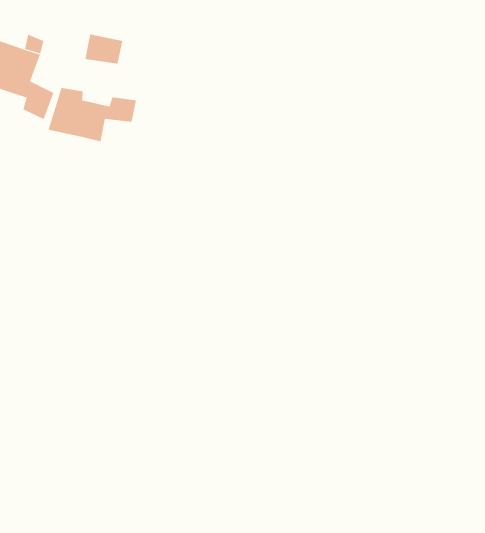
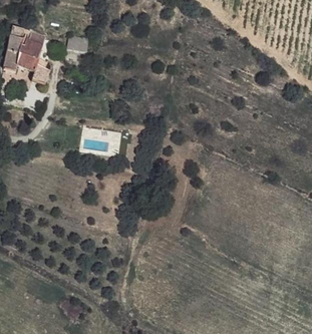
building: [48,87,136,142] -> none

